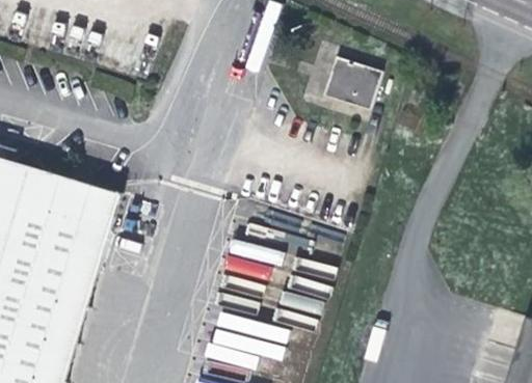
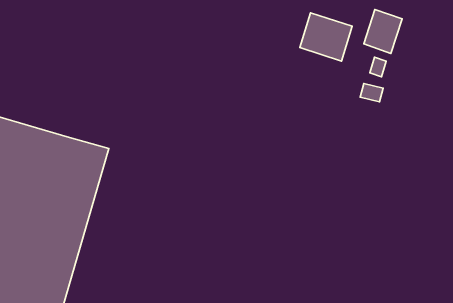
building: none -> [364,9,402,53]

